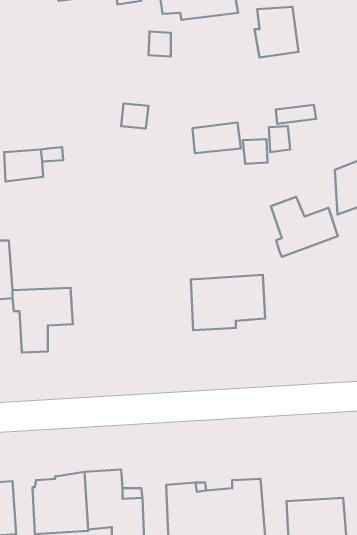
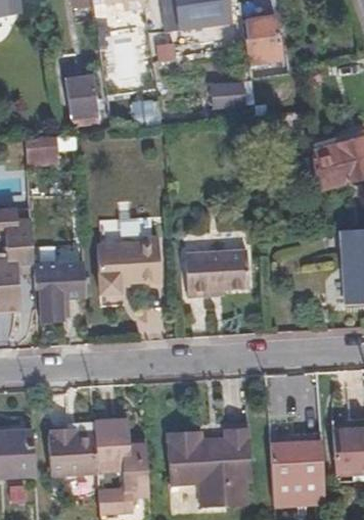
building: none -> [71,81,96,123]
building: [193,122,241,153] -> [210,84,252,110]
building: [271,197,338,257] -> none
building: none -> [98,237,161,293]

